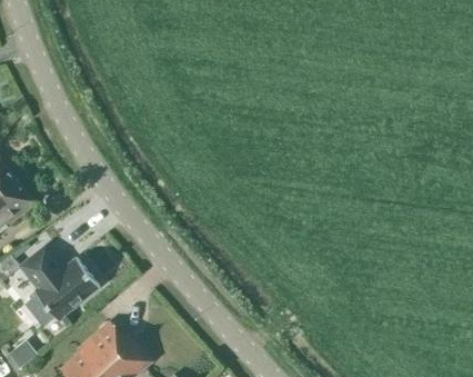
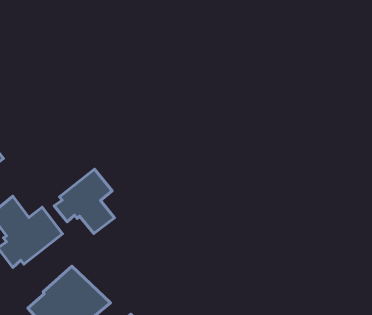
building: none -> [54,169,115,234]

